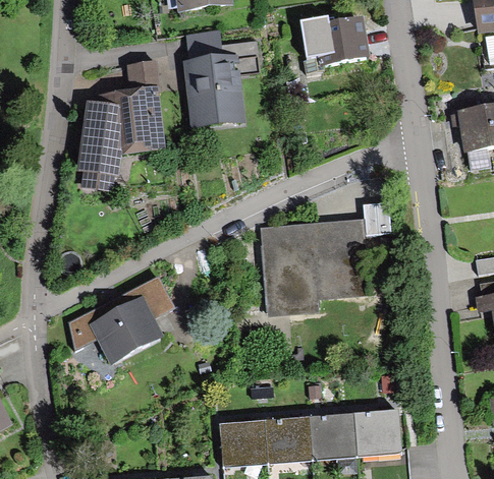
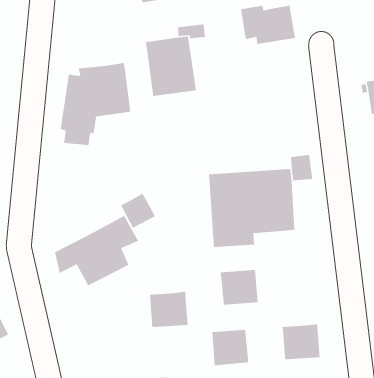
building: [185,28,223,60] -> none
building: [126,60,161,94] -> none
building: none -> [120,193,156,229]
building: [308,414,355,459] -> [220,269,258,305]
building: [219,420,268,466] -> [149,291,188,328]

